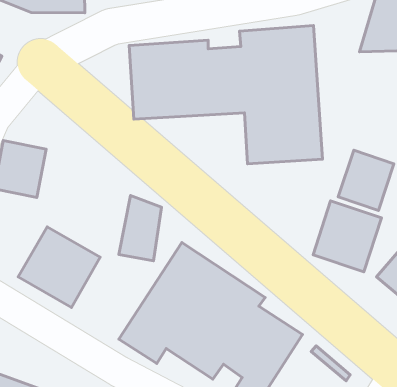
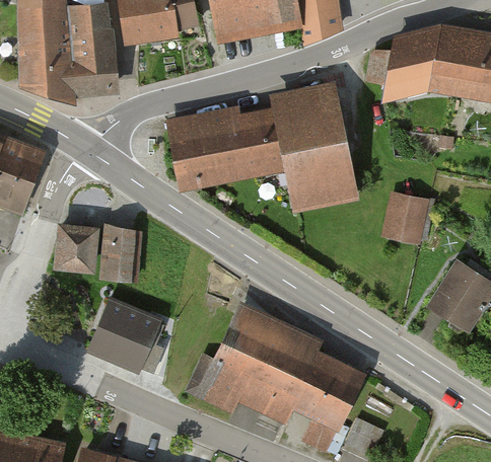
building: [119,196,161,261] -> [106,225,140,284]
building: [313,201,382,272] -> none

